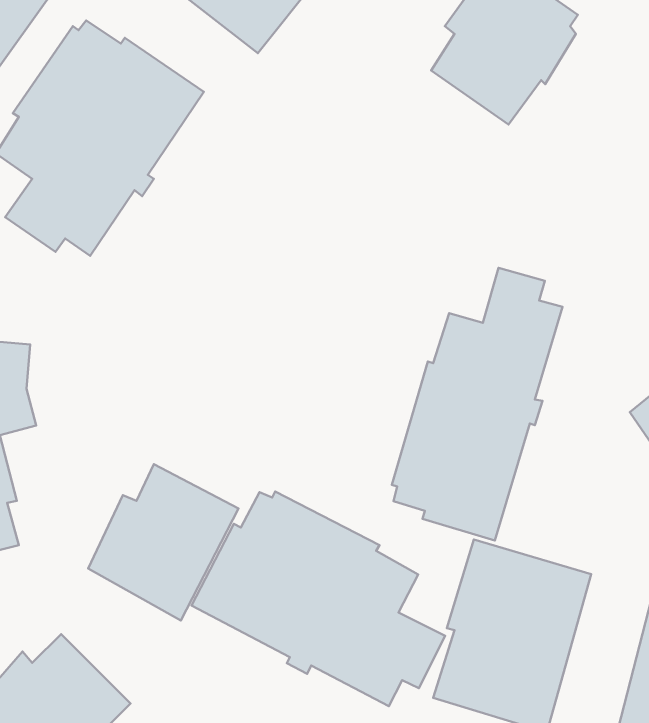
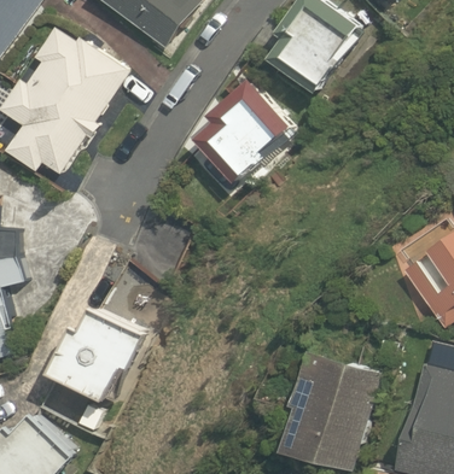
building: none -> [202,76,298,181]
building: [392,268,562,540] -> none
building: [192,492,445,706] -> none

